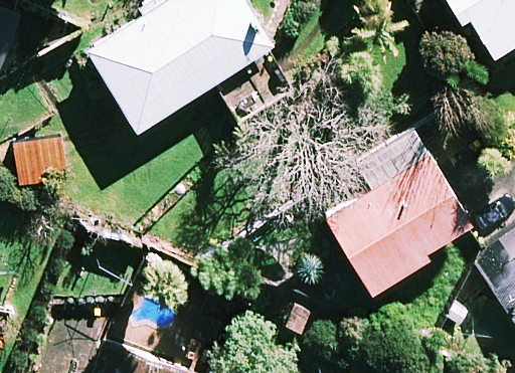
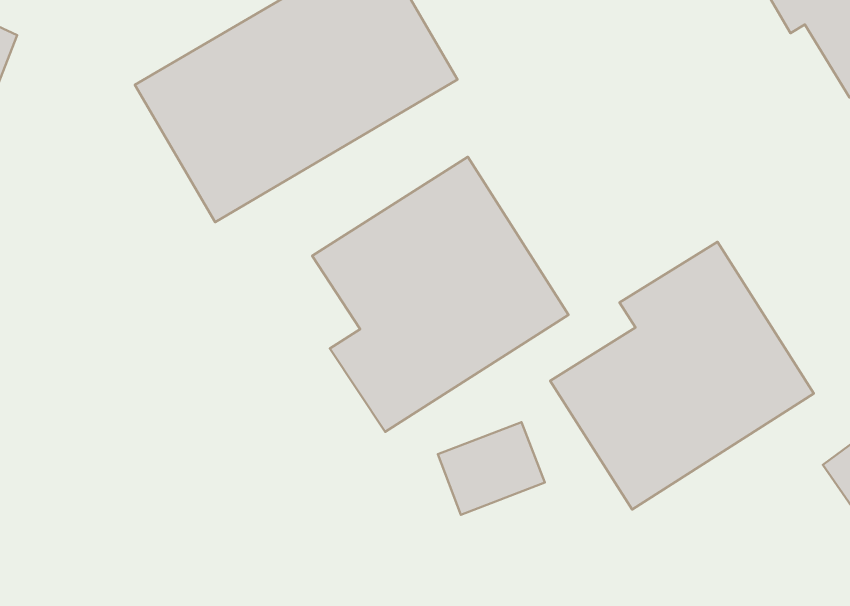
building: none -> [312,157,569,432]

